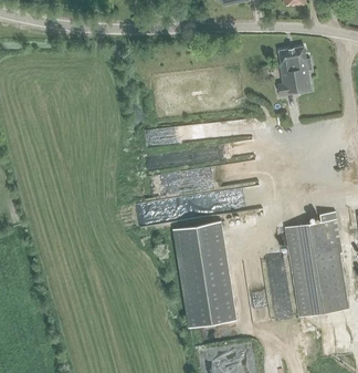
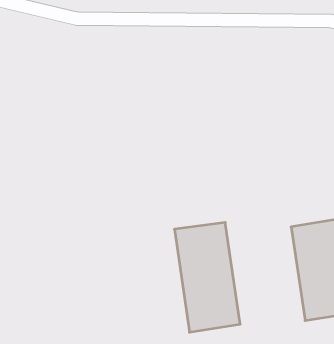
building: [276,46,310,97] -> none

